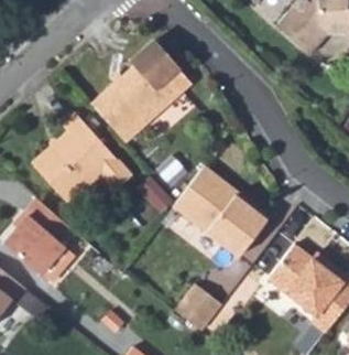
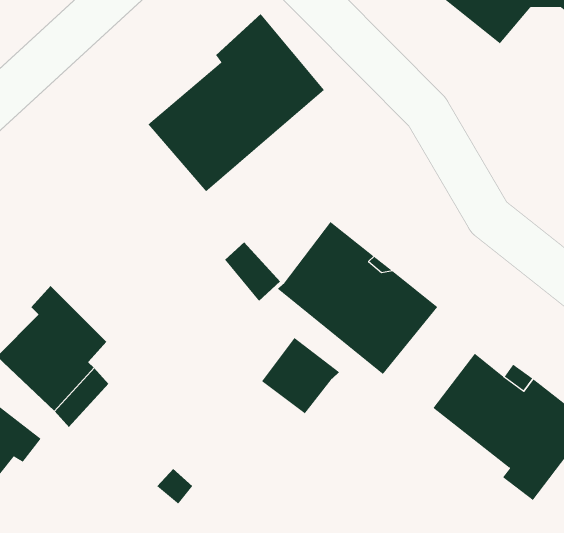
building: [29,110,128,202] -> none
building: [175,282,222,329] -> [261,337,340,414]

